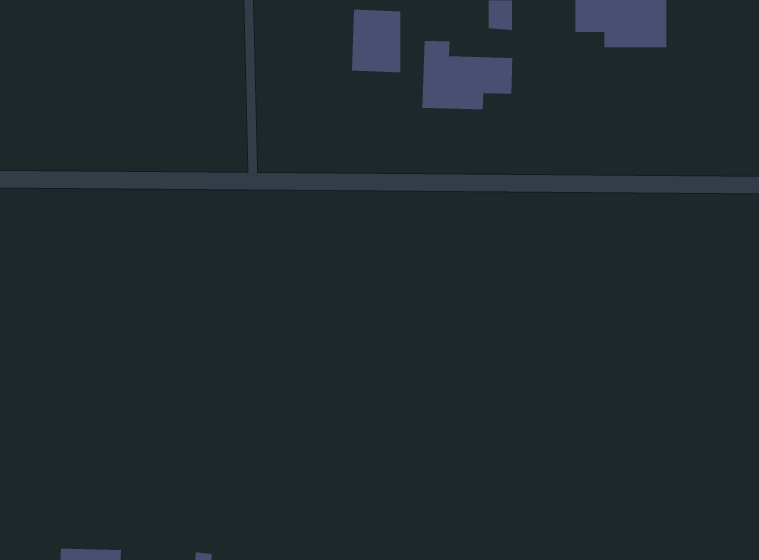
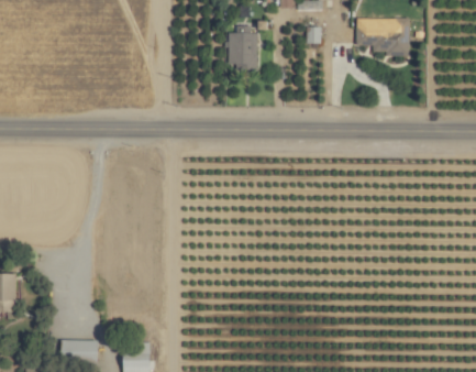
building: [422,40,513,110] -> none

